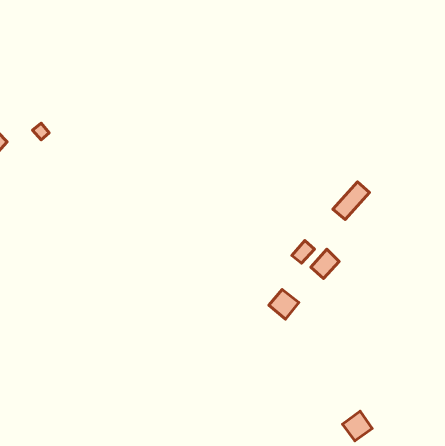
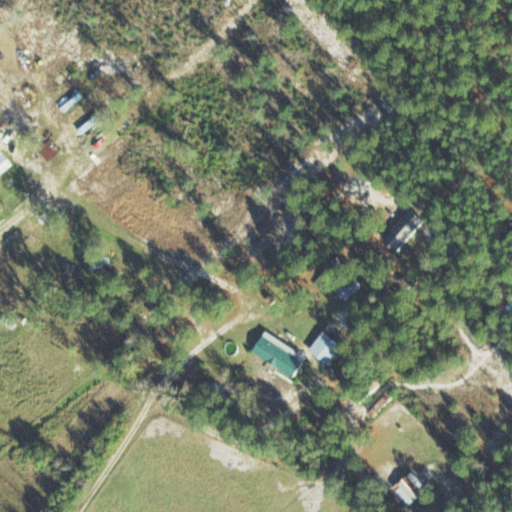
building: [311,249,339,279] -> none
building: none -> [250,332,304,378]

